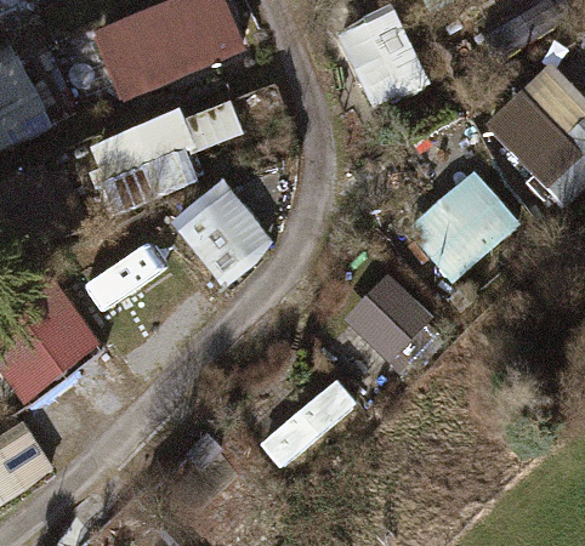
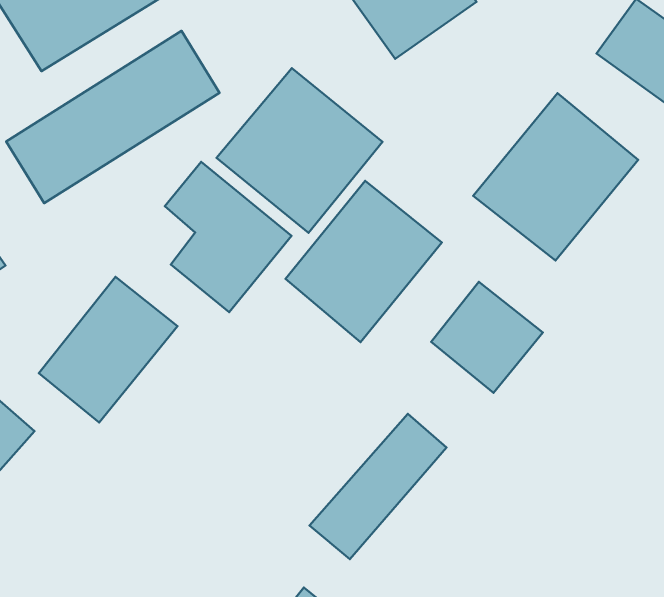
building: none -> [217,68,382,233]
building: none -> [285,181,442,342]

